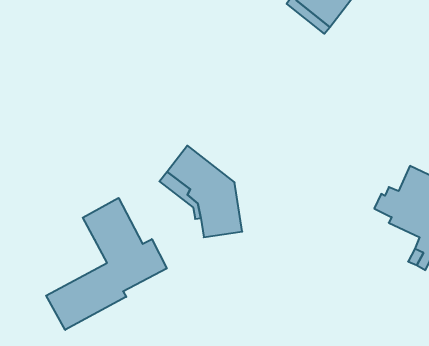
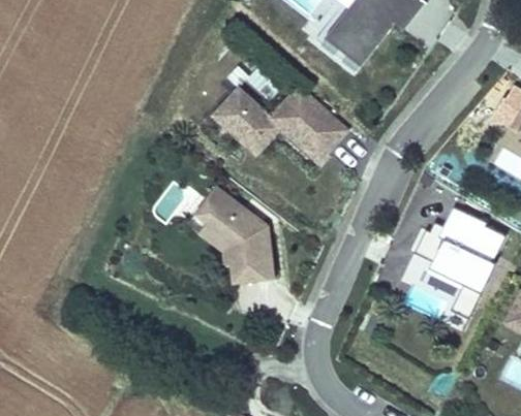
building: none -> [210,86,344,161]
building: [46,198,167,330] -> none

